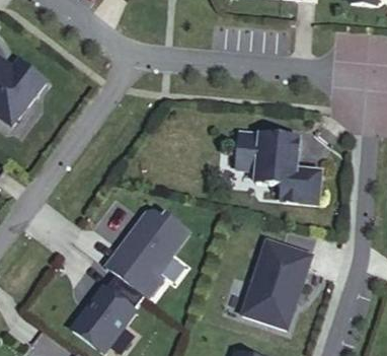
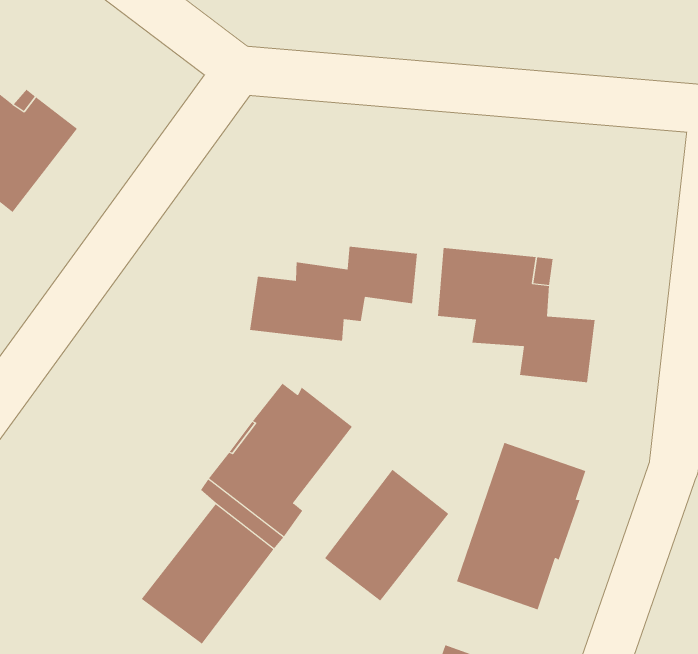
building: none -> [250,246,417,342]
building: none -> [324,469,449,602]

